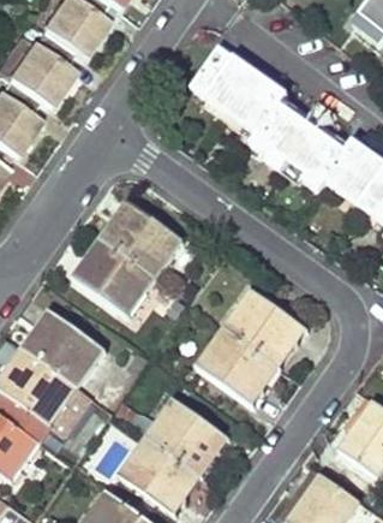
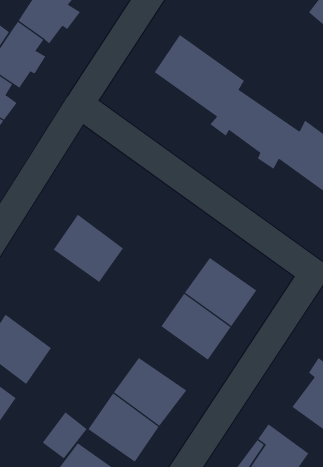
building: [108,206,185,279] -> none
building: [30,314,107,387] -> none
building: [58,396,107,447] -> [42,411,87,459]

